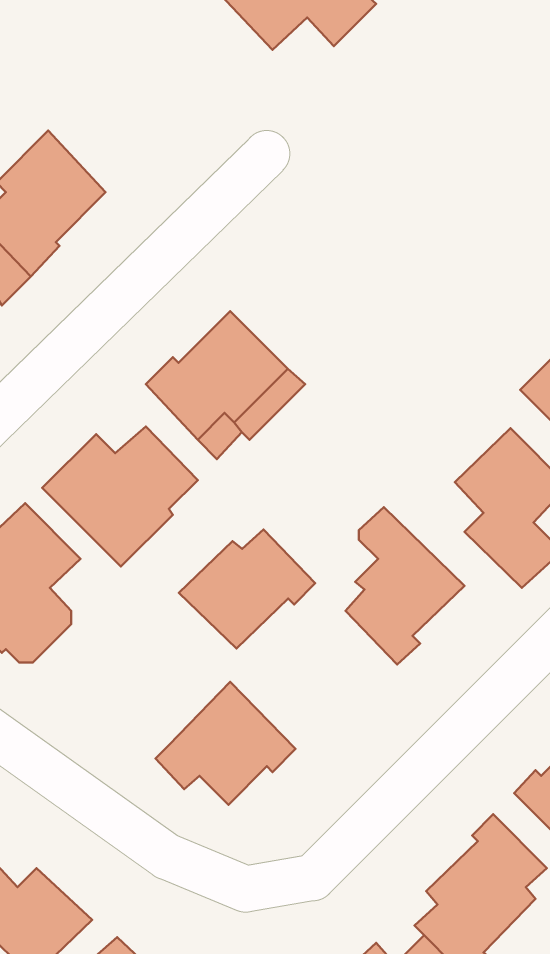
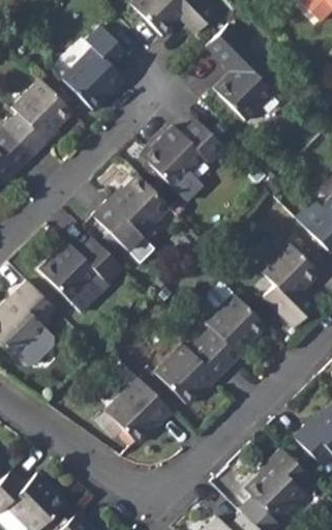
building: none -> [62,23,131,109]
building: none -> [205,24,270,119]
building: none -> [140,119,221,187]
building: [179,529,315,649] -> [155,336,229,401]

